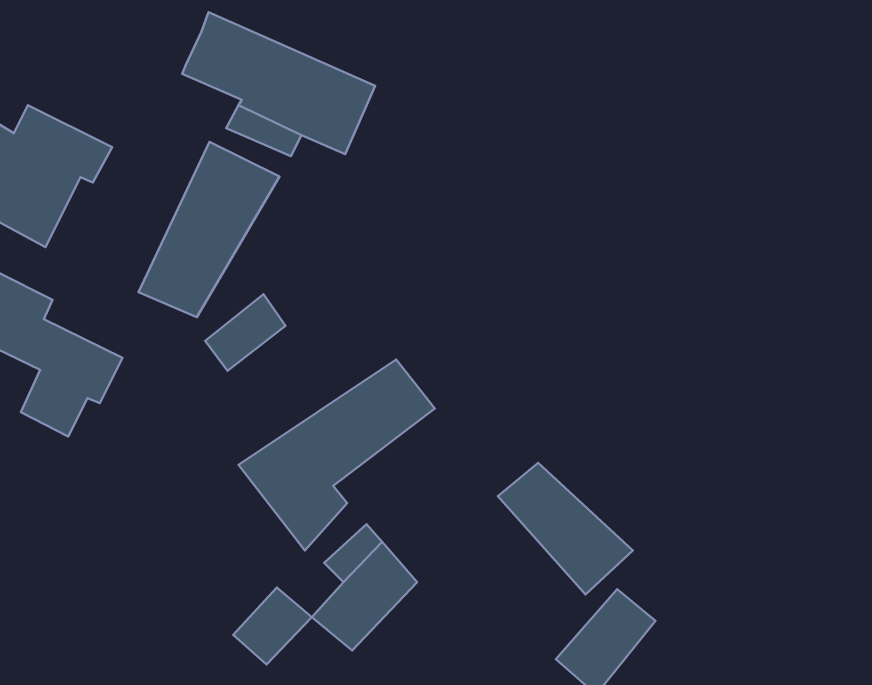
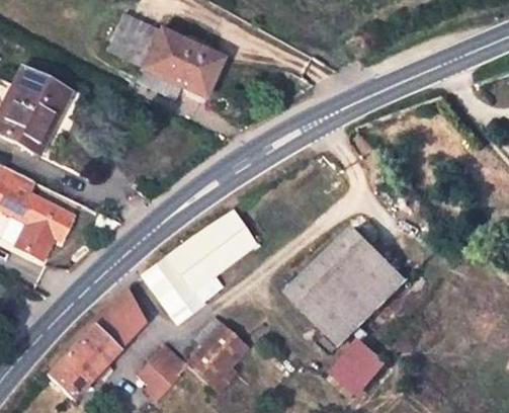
building: [138,142,279,317] -> none
building: [205,294,285,371] -> none
building: none -> [316,234,411,325]
building: none -> [44,287,139,395]

